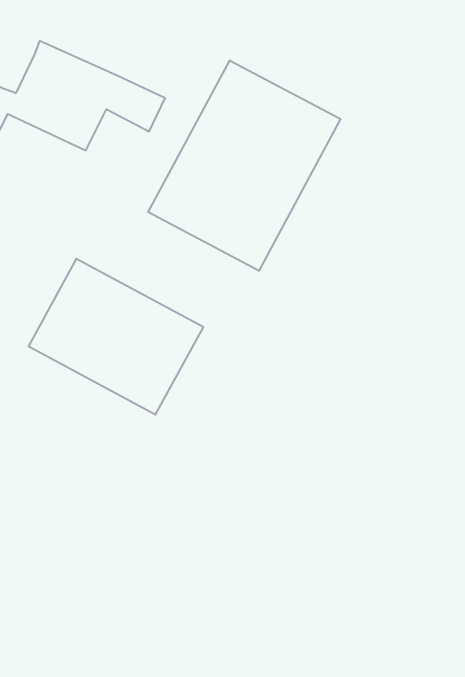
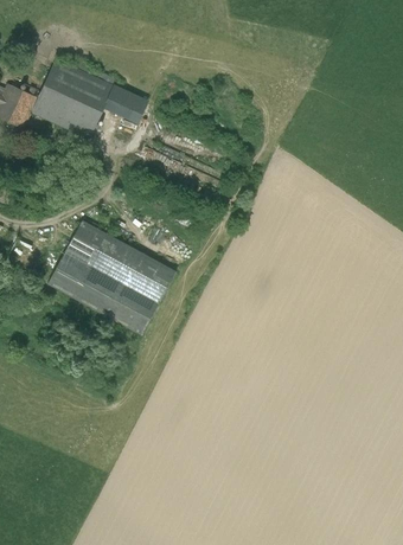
building: [148,60,341,271] -> none

